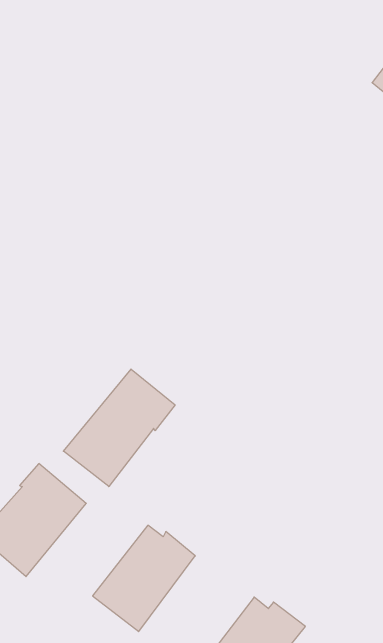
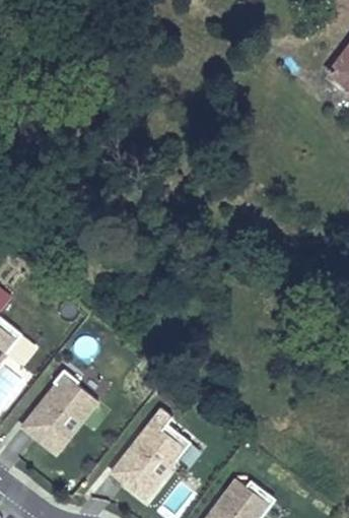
building: [63,369,175,487] -> none

